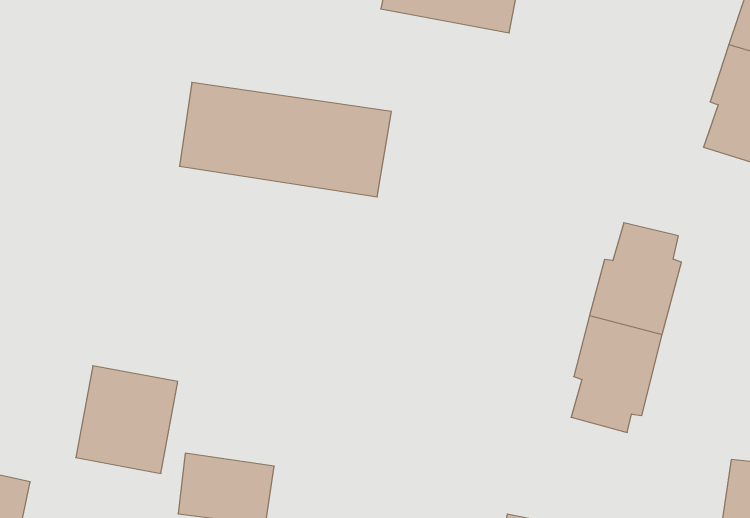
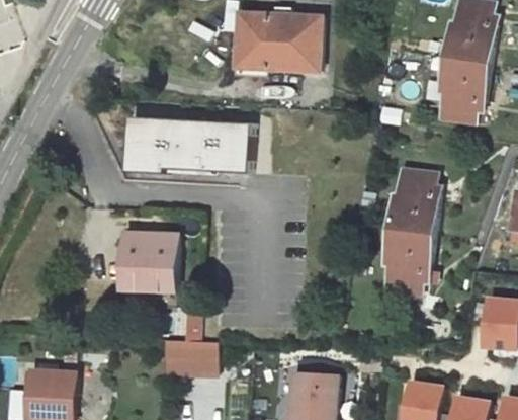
building: [76,366,178,473] -> [120,231,174,288]

